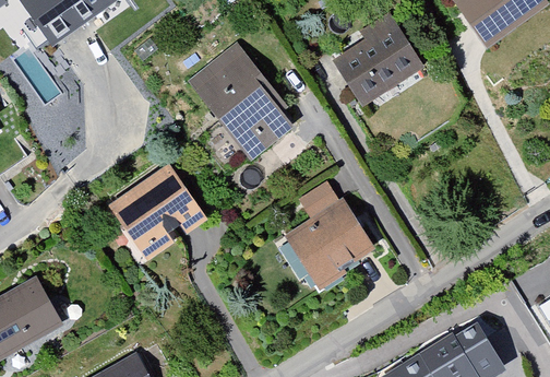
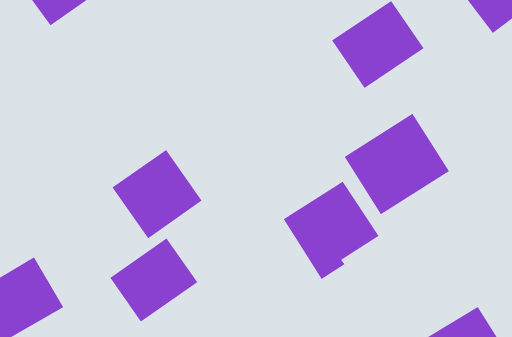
building: [188,44,296,163] -> none
building: none -> [344,113,450,215]
building: none -> [109,238,198,323]

